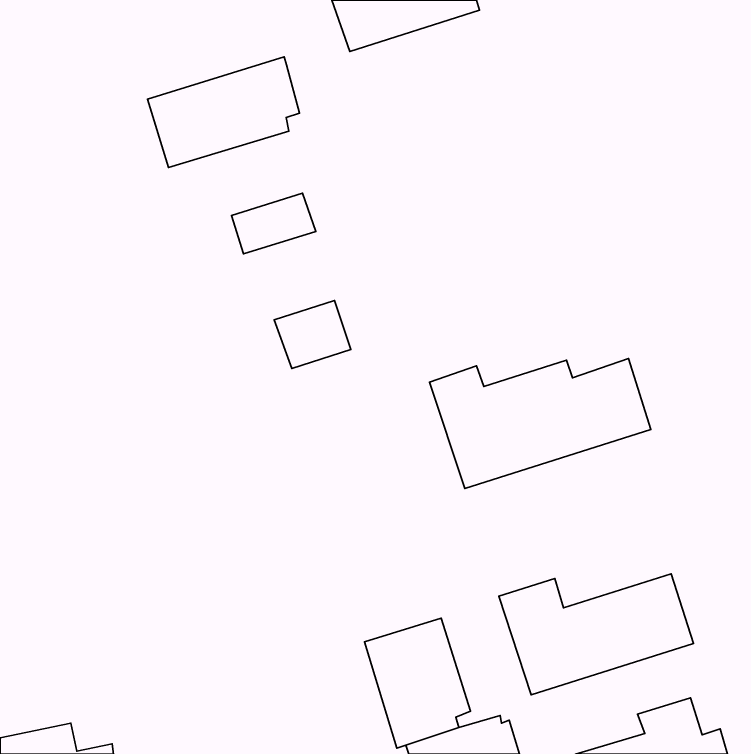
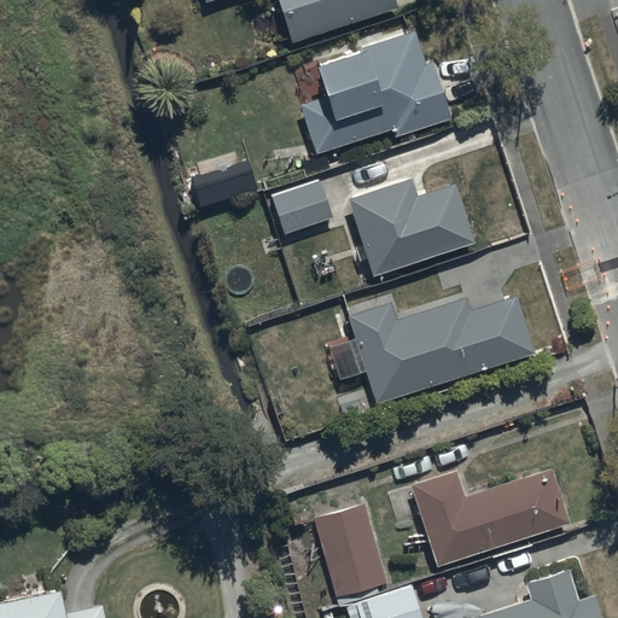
building: none -> [301,30,450,156]
building: [148,57,299,167] -> none
building: none -> [346,180,474,278]
building: [274,301,351,369] -> [274,180,337,235]

